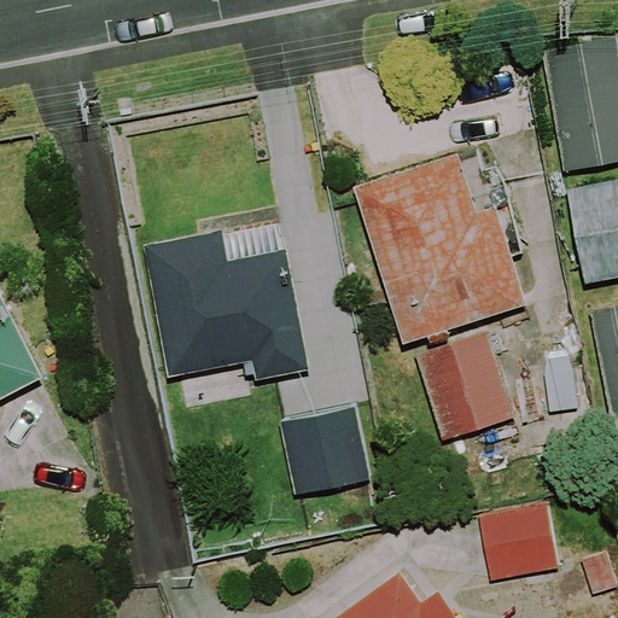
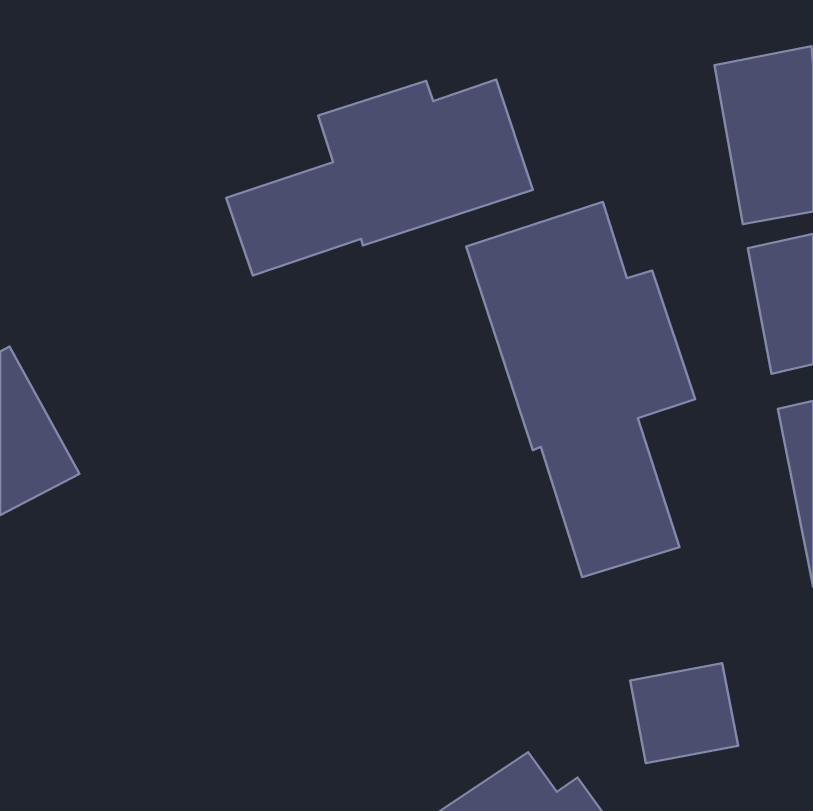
building: none -> [226,79,533,276]
building: [142,223,308,380] -> none
building: [280,408,371,495] -> none

